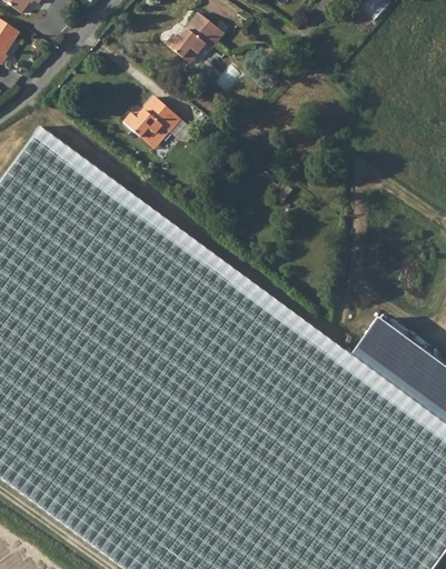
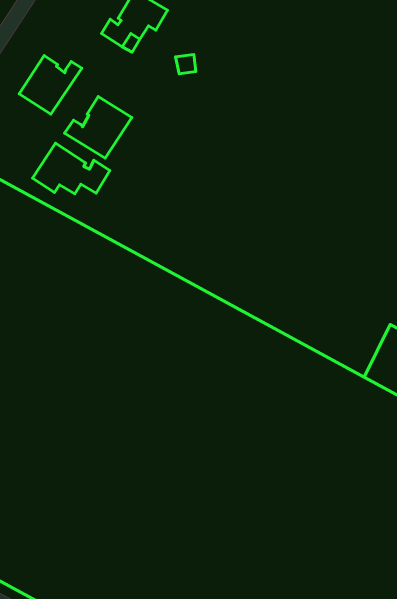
building: none -> [19,56,82,114]
building: none -> [32,143,110,194]

